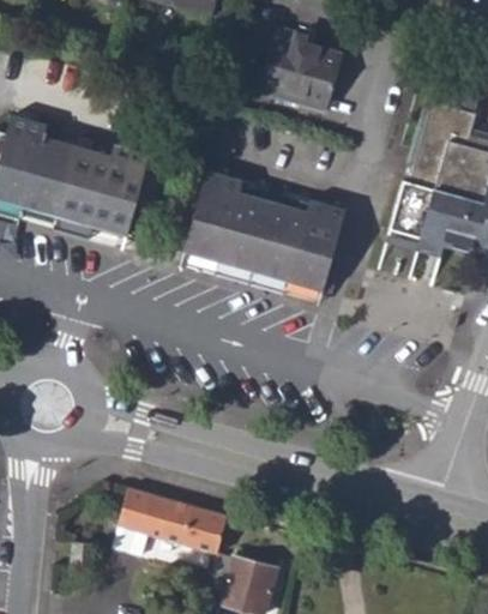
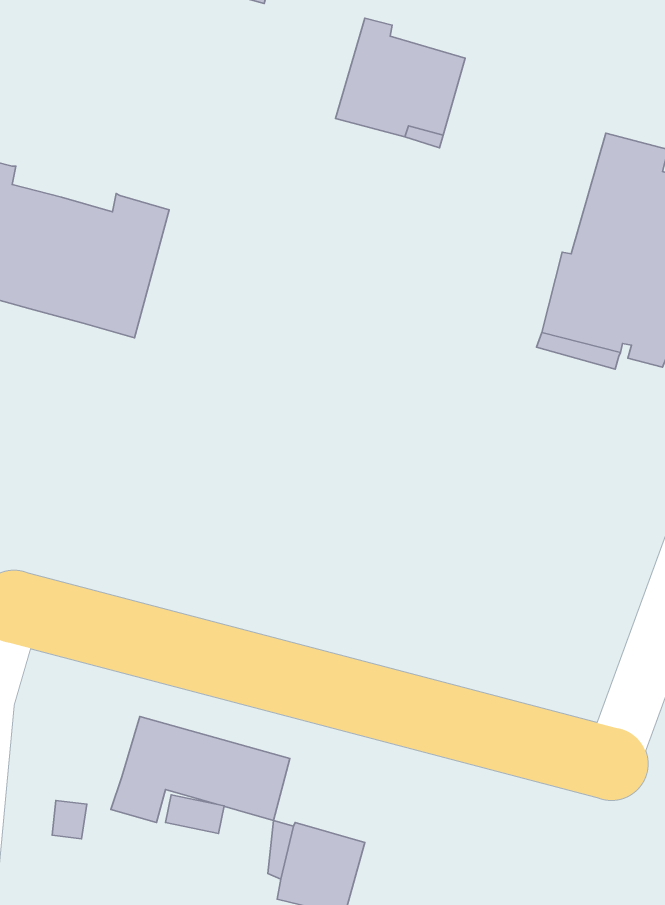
building: [183,169,345,293] -> none

